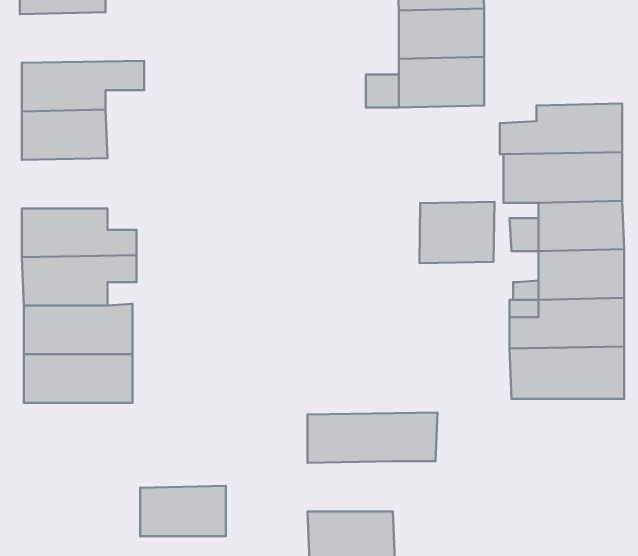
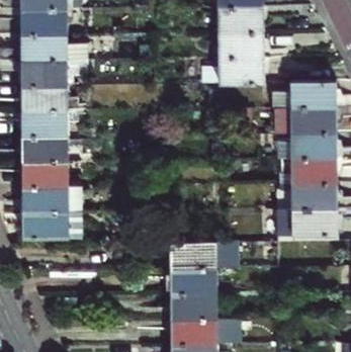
building: none -> [21,34,86,61]
building: none -> [22,110,67,137]
building: [419,202,494,263] -> none
building: [140,486,226,536] -> [171,268,215,294]

